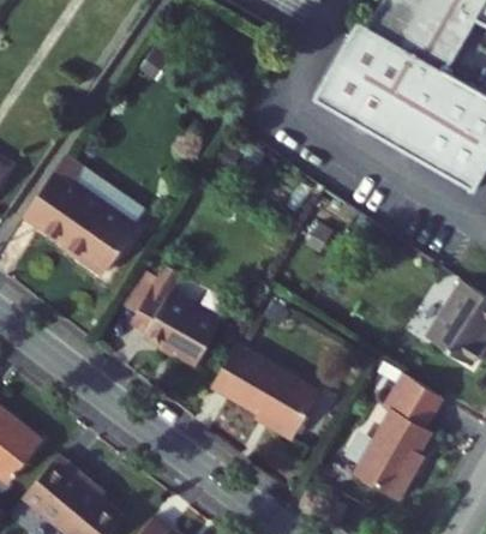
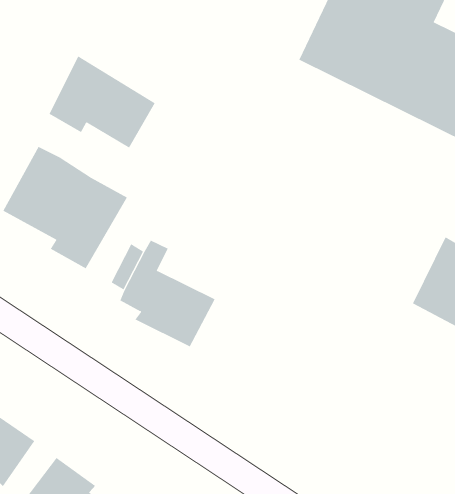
building: none -> [49,56,156,148]
building: [210,347,316,443] -> none
building: [352,371,440,500] -> none

